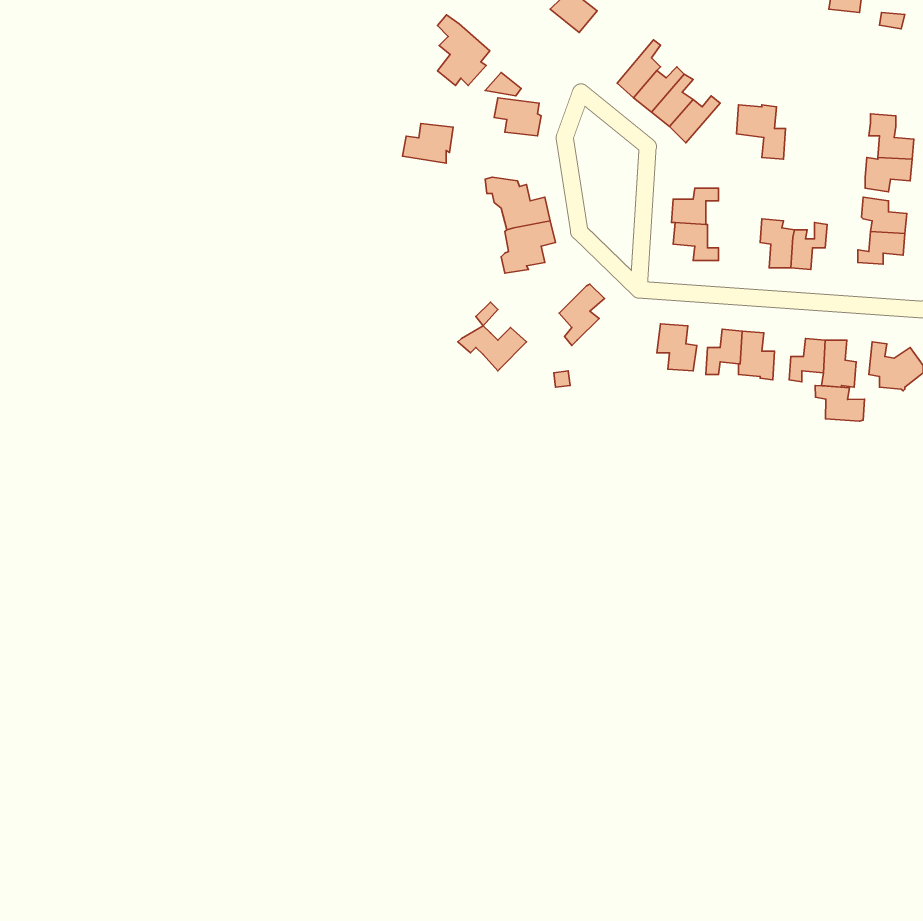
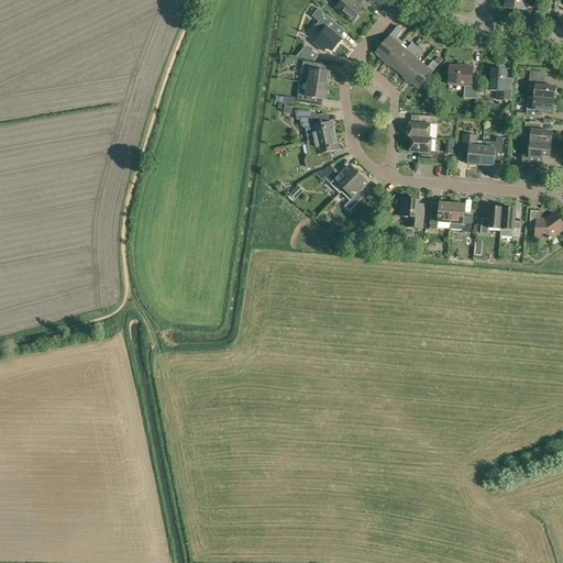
building: [437,15,490,85] -> [312,7,344,49]
building: none -> [488,66,512,99]
building: [403,124,453,163] -> [296,80,327,104]
building: [458,326,527,371] -> [314,164,356,191]
building: [815,385,865,421] -> none

